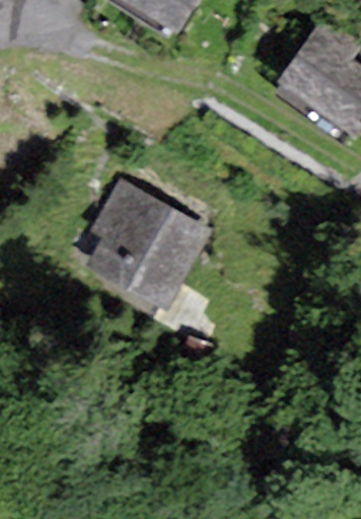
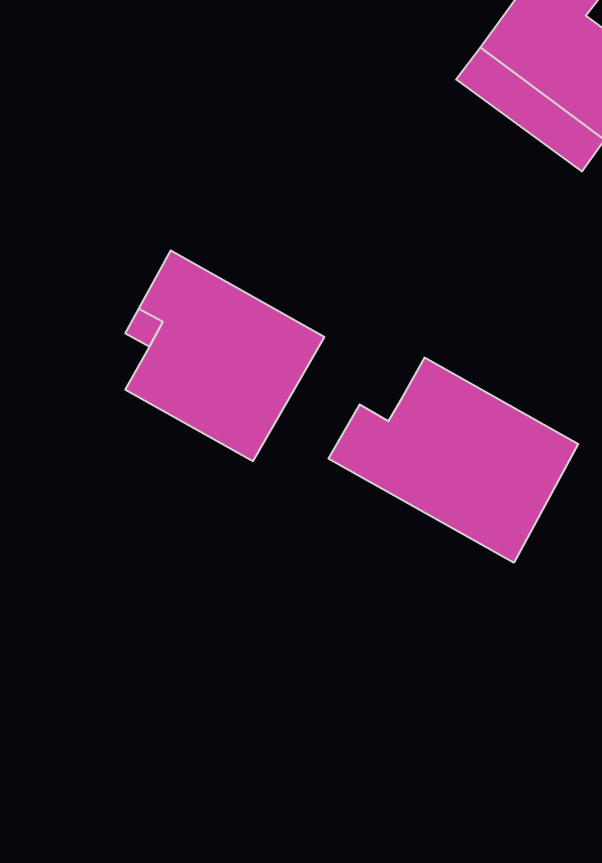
building: none -> [328,358,578,563]

